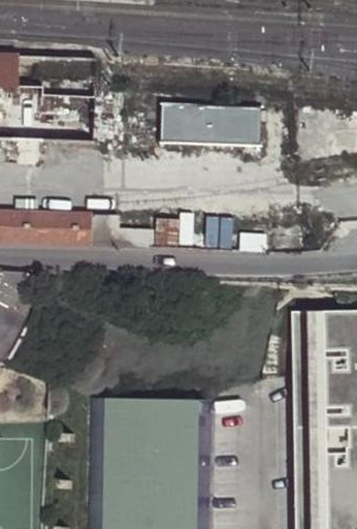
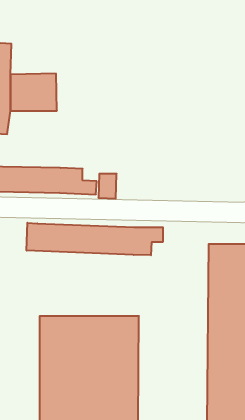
building: [145,103,246,146] -> none
building: none -> [27,223,163,255]

